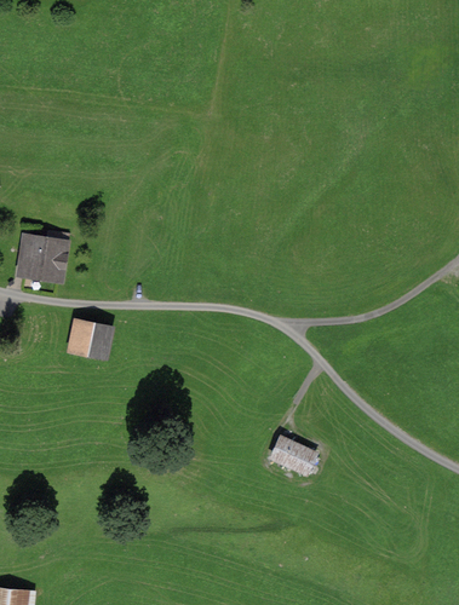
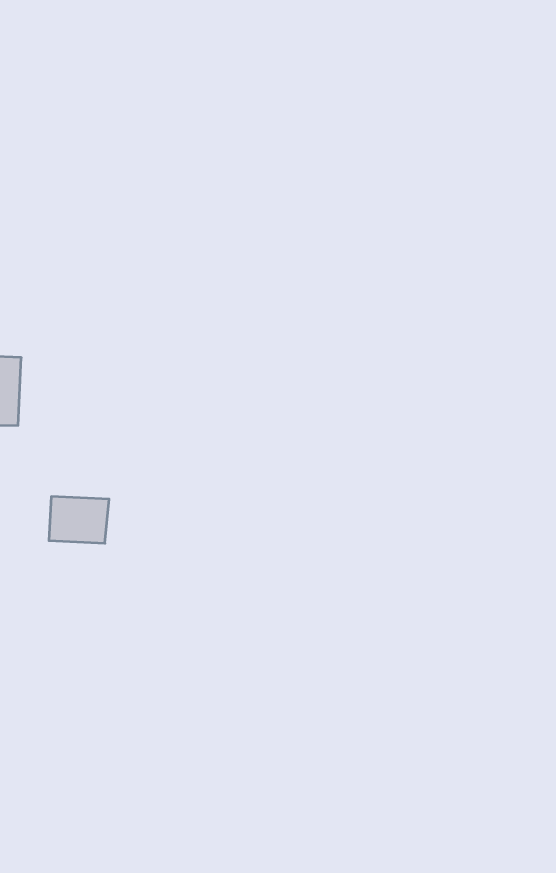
building: [272,438,312,471] -> none

